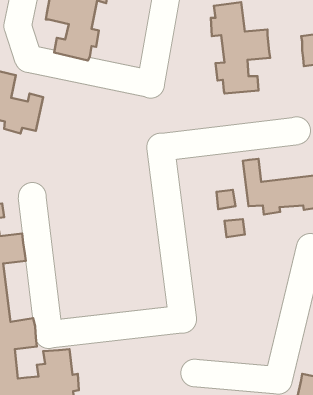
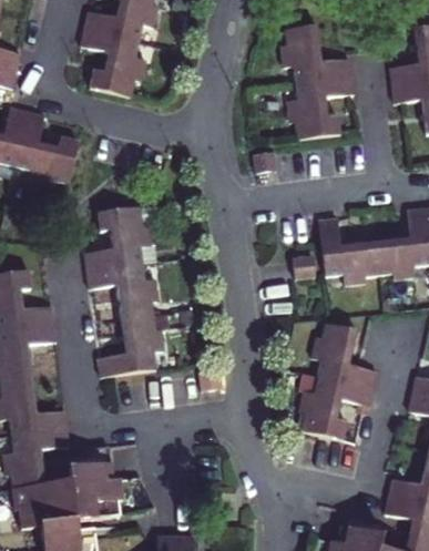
building: none -> [83,208,164,374]
building: none -> [298,323,375,439]

